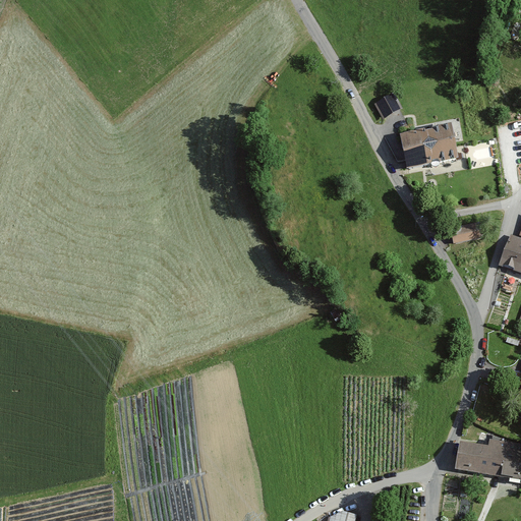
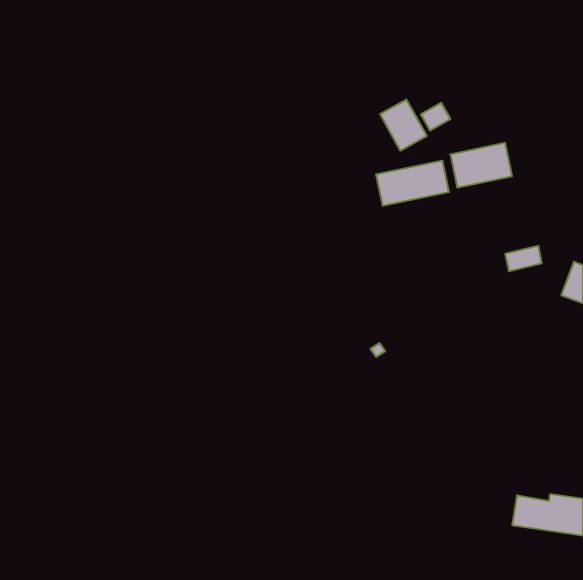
building: none -> [380,99,427,151]
building: none -> [376,160,449,206]

